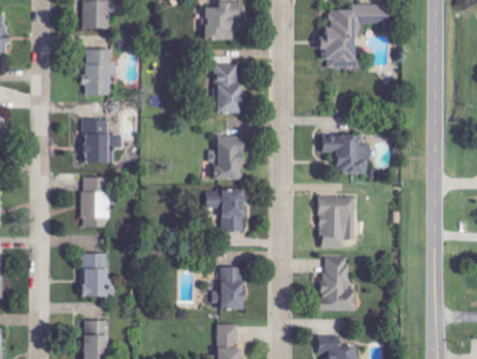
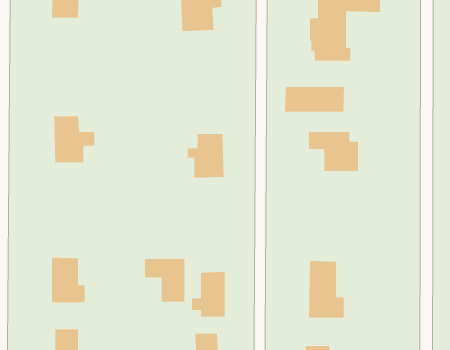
building: [82,50,115,96] -> none
building: [213,64,241,115] -> none
building: none -> [284,86,345,112]
building: [81,176,114,226] -> none
building: [206,189,244,230] -> [144,258,185,302]
building: [318,196,355,247] -> none

